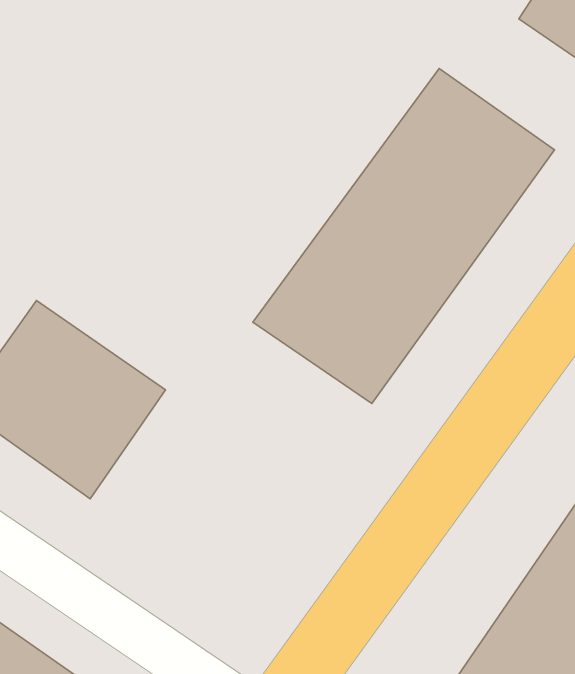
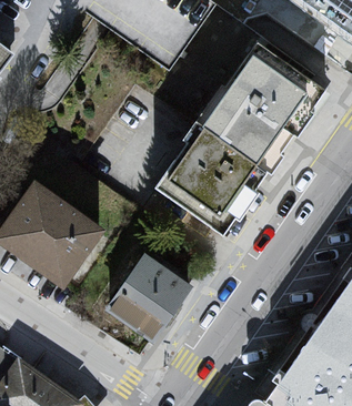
building: none -> [104,250,188,337]

